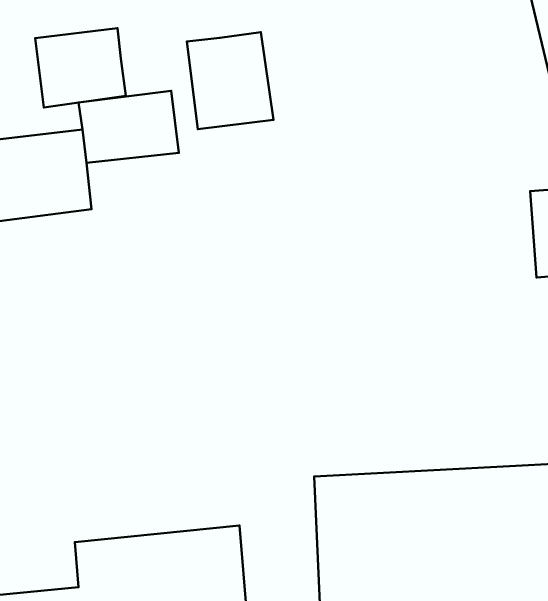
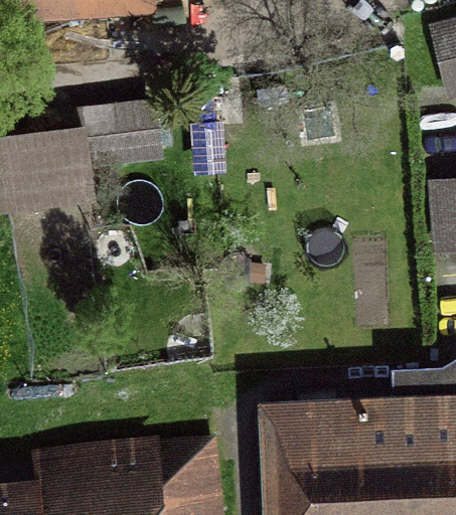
building: [35,28,126,108] -> none
building: [187,32,273,129] -> none

